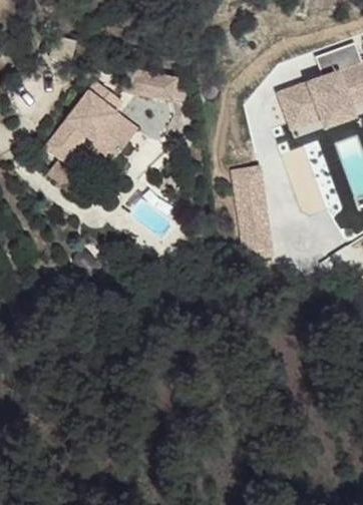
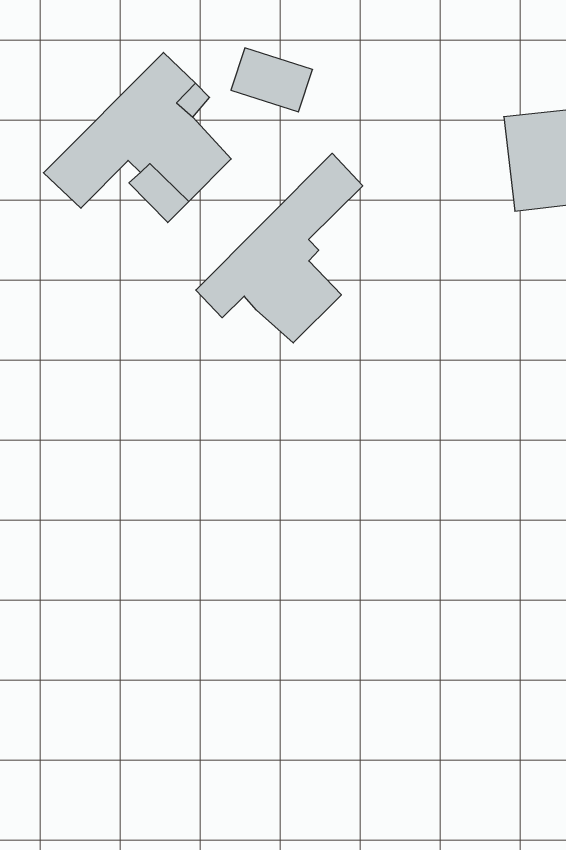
building: none -> [196,153,363,343]

